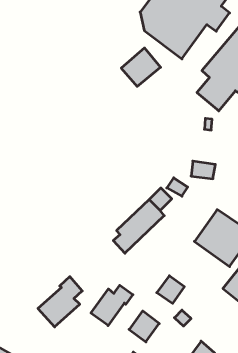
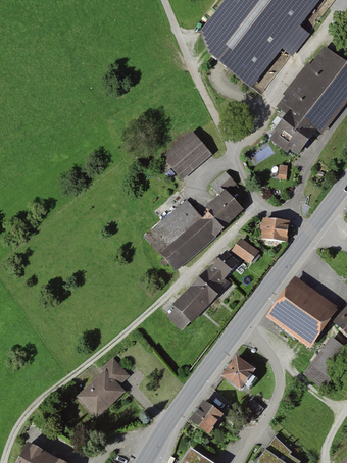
building: [121,48,161,86] -> [164,133,212,179]
building: none -> [146,170,244,270]
building: [91,285,133,326] -> none

